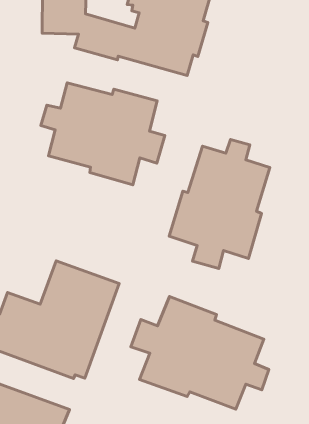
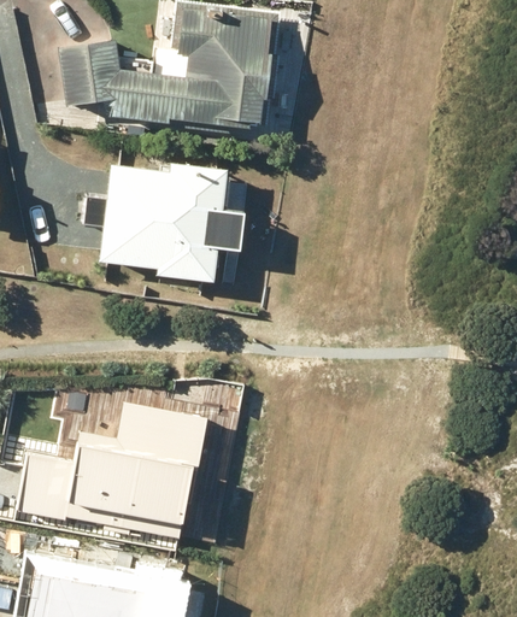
building: [169,139,270,269] -> none
building: [131,297,269,409] -> none

